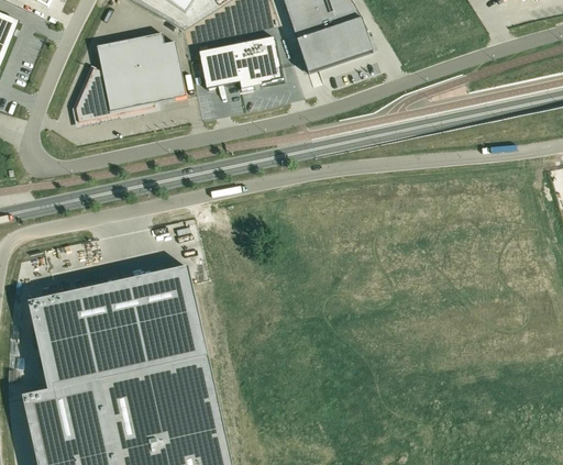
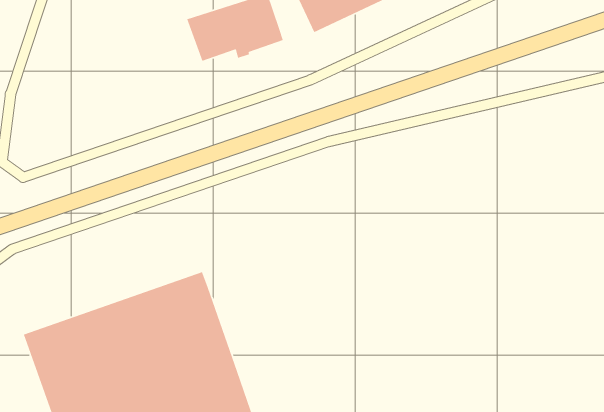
building: [75,32,185,121] -> none

